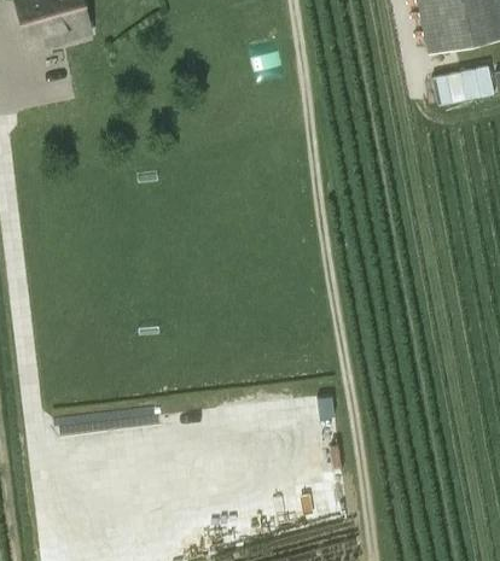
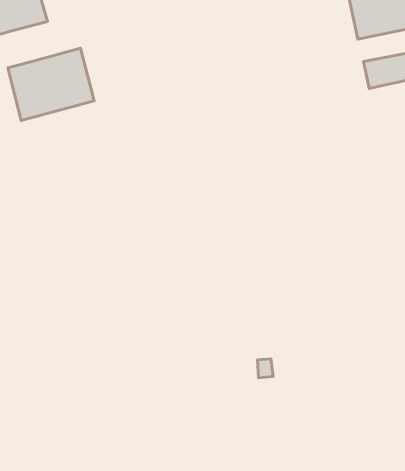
building: none -> [8,48,94,120]

